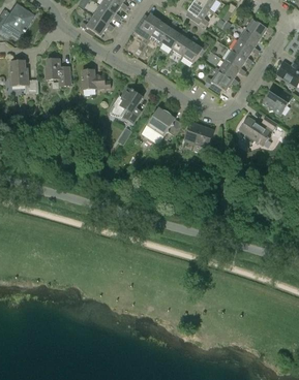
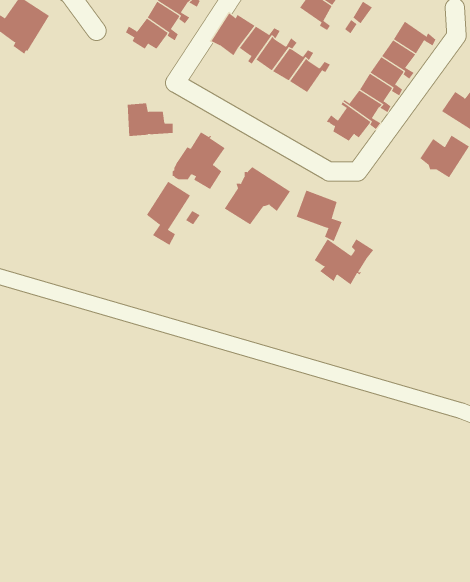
building: [44,58,70,85] -> none
building: [9,60,37,93] -> none
building: [239,116,276,145] -> [314,238,374,285]
building: none -> [146,181,191,246]

